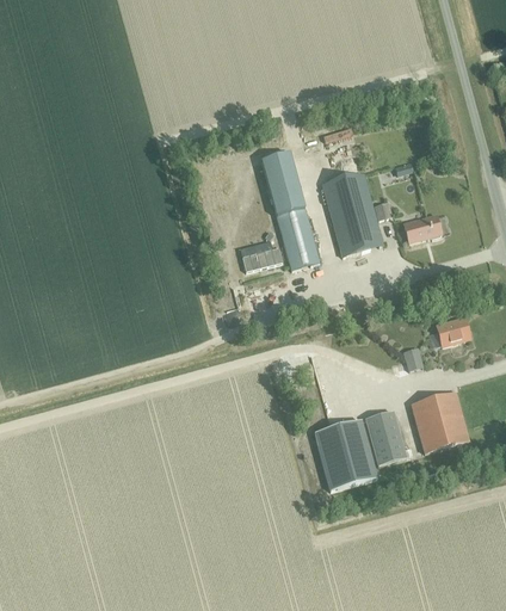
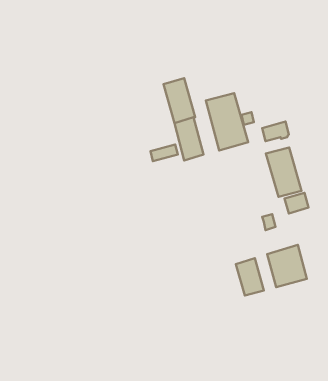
building: none -> [266,148,302,197]
building: [314,419,377,490] -> none

